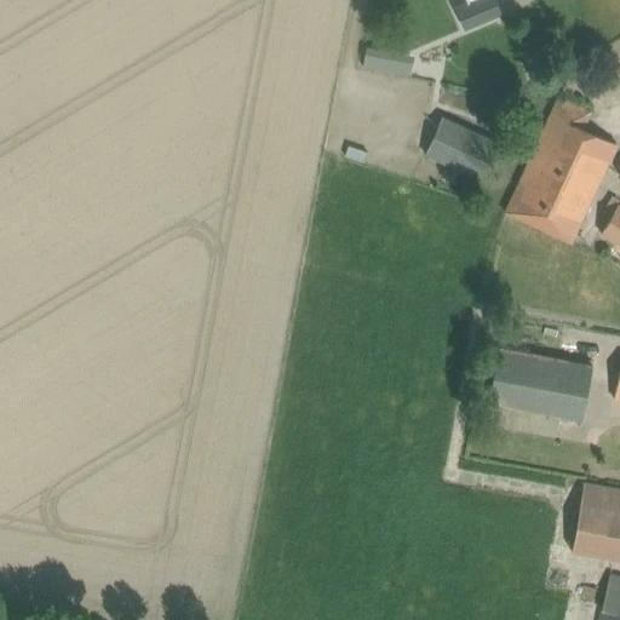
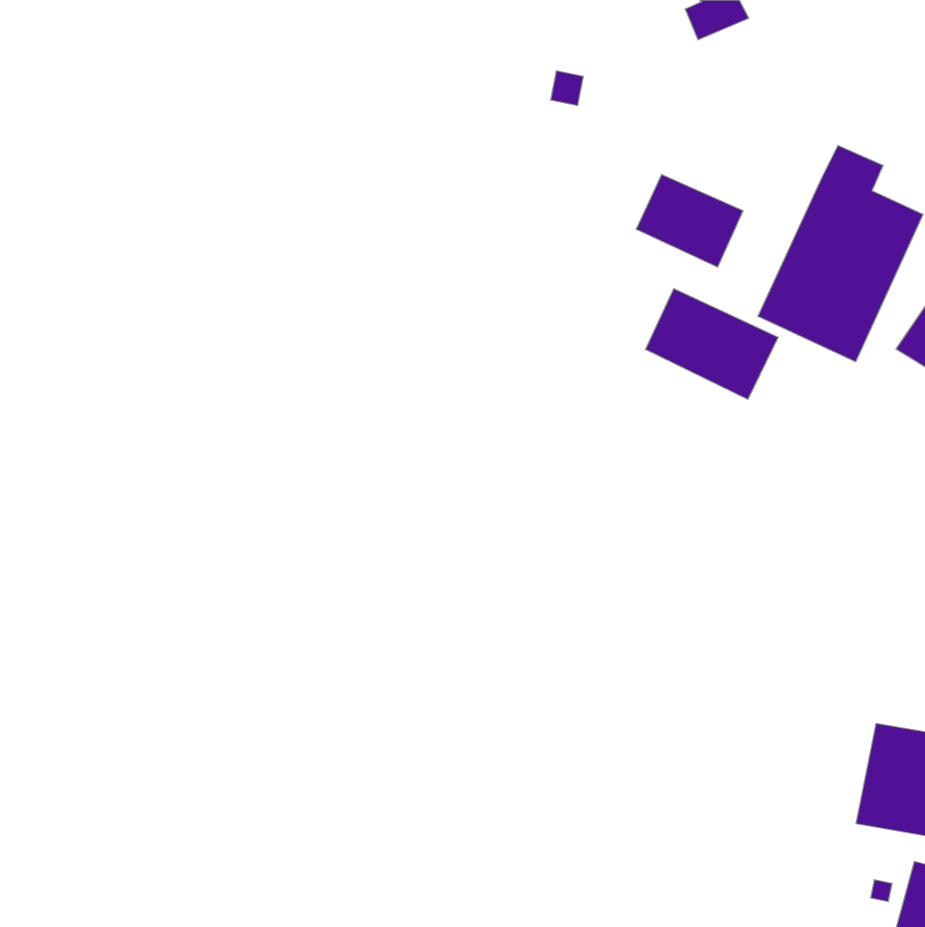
building: none -> [645,288,778,399]
building: [486,349,596,435] -> none

